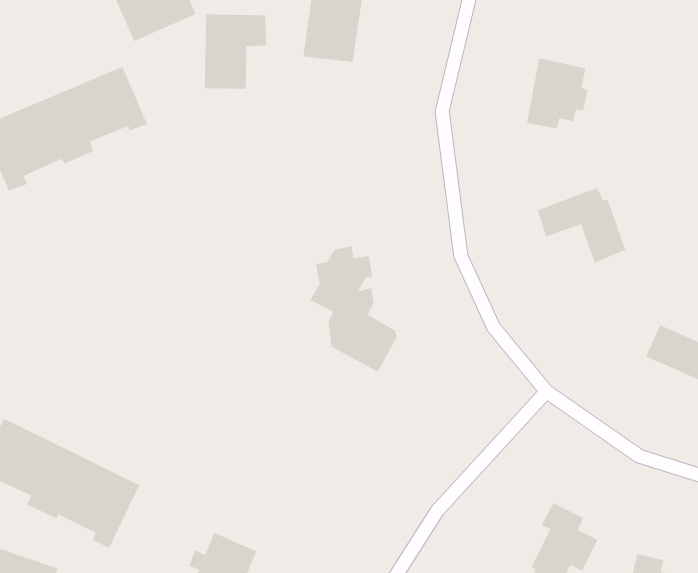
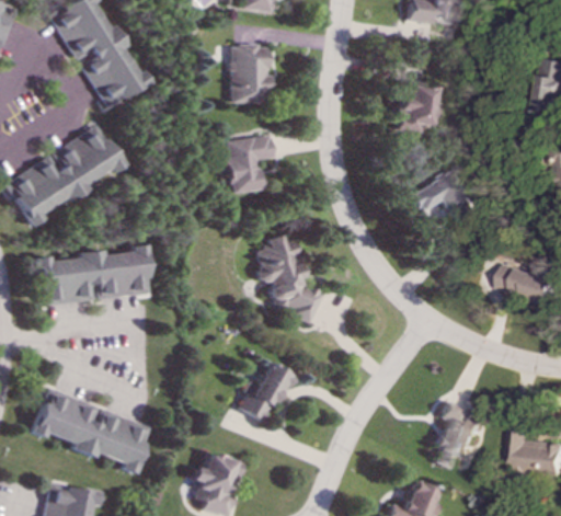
building: [204,14,267,89] -> [227,136,274,194]
building: none -> [36,245,151,306]
building: none -> [240,363,290,422]

